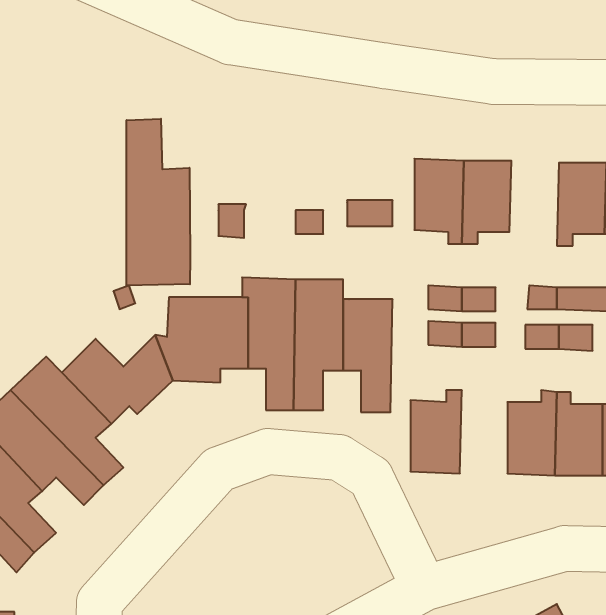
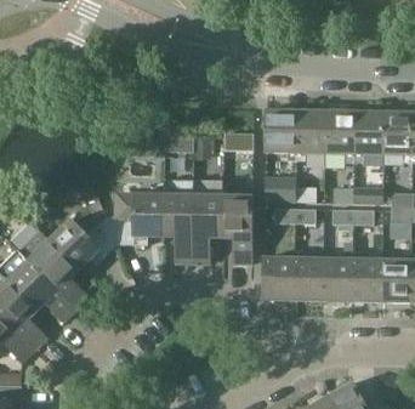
building: [127,119,190,285] -> none
building: none -> [323,109,353,161]
building: none -> [292,250,322,301]

